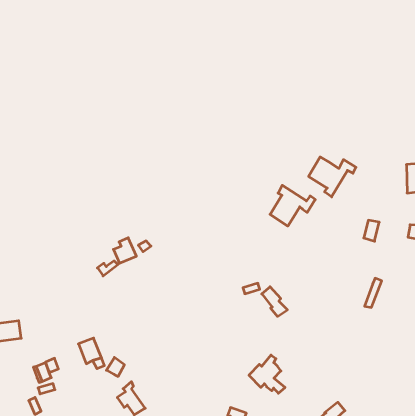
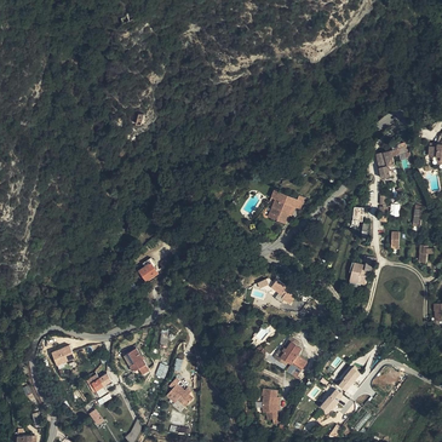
building: [309,157,356,197] -> none

